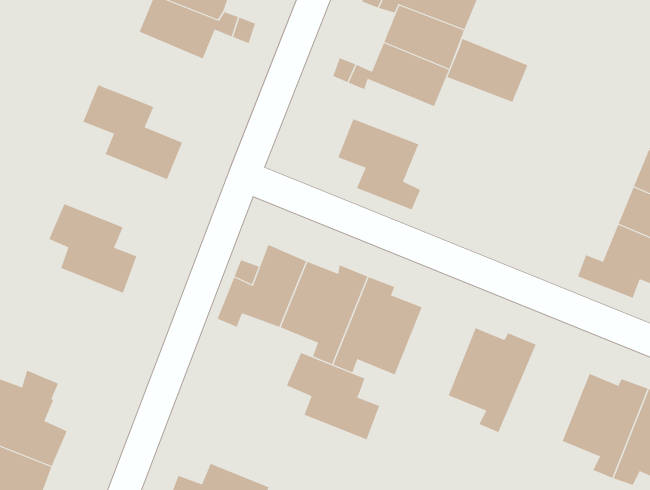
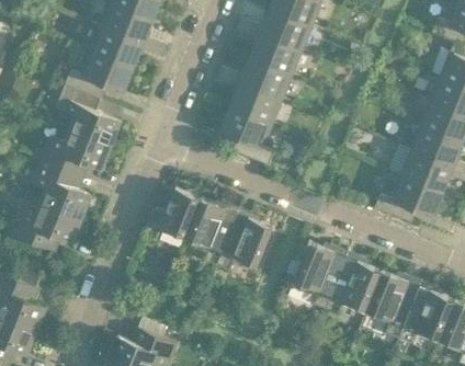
building: none -> [65,50,133,99]
building: [447,38,528,103] -> [229,81,282,123]
building: none -> [34,129,110,176]
building: none -> [12,203,81,251]
building: none -> [324,252,382,314]
building: [286,352,380,440] -> none

